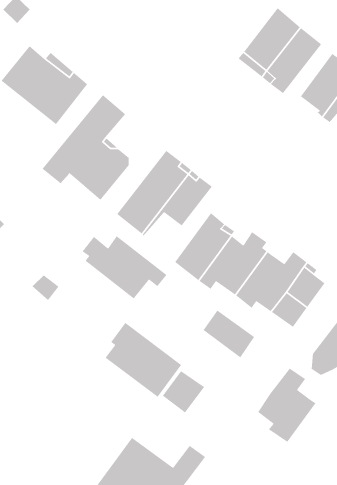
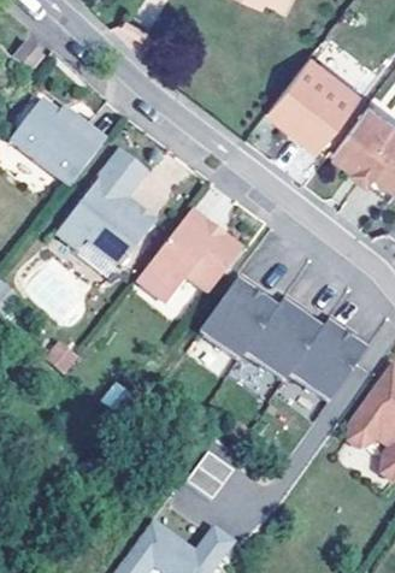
building: [81,235,167,299] -> none
building: [202,309,255,359] -> none
building: [104,322,182,398] -> none
building: [257,367,317,443] -> none

